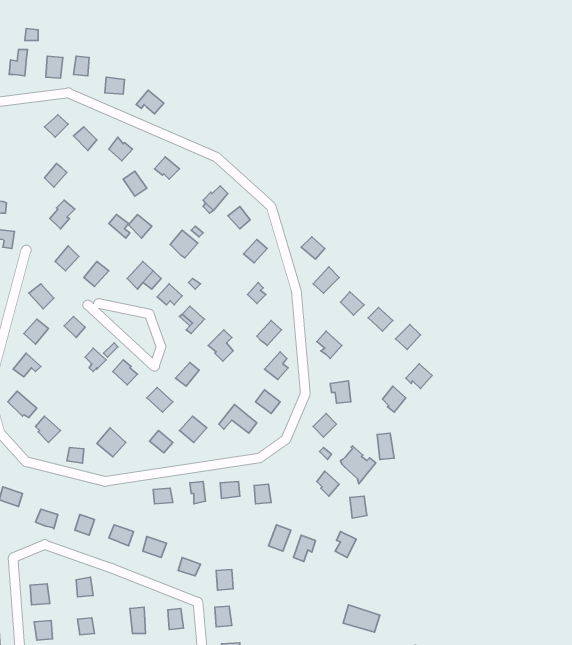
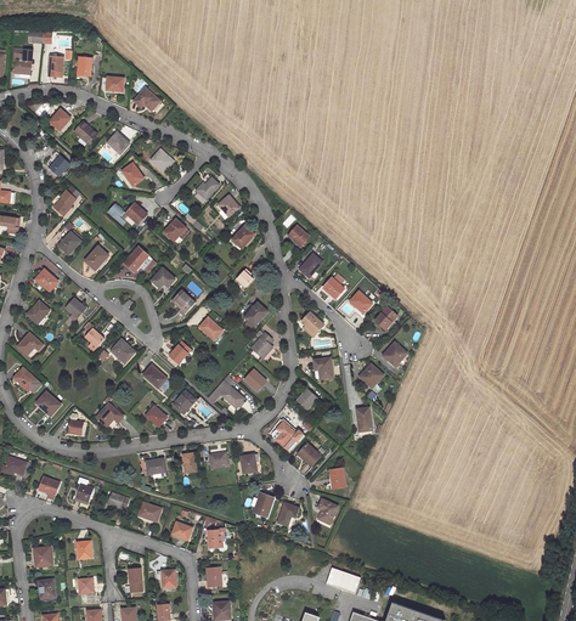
building: [341,446,376,484] -> [272,418,305,453]

